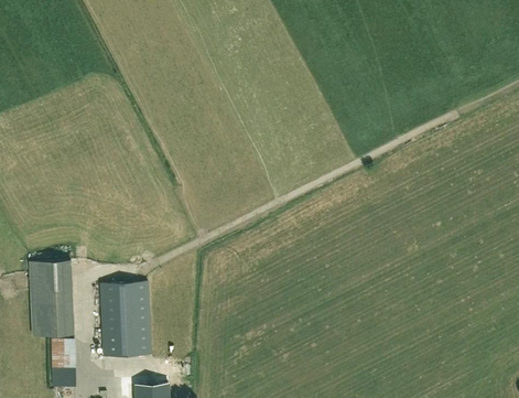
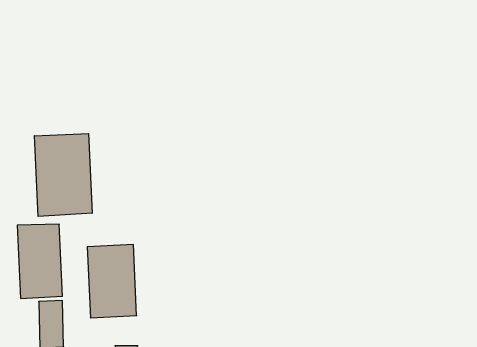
building: none -> [34,134,92,216]

